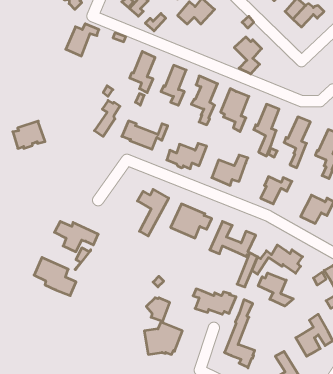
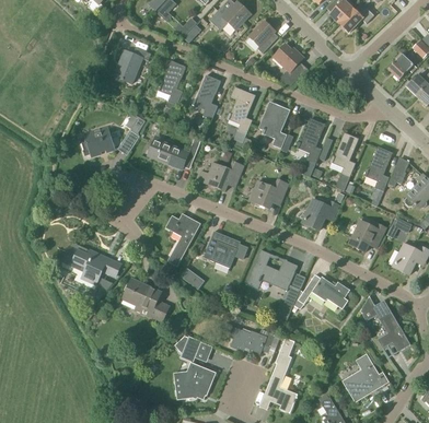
building: none -> [250,19,276,51]
building: [66,24,99,56] -> [114,46,151,82]
building: [13,121,45,148] -> [79,125,115,155]
building: [34,257,76,296] -> [123,278,170,320]
building: [258,273,293,306] -> none

